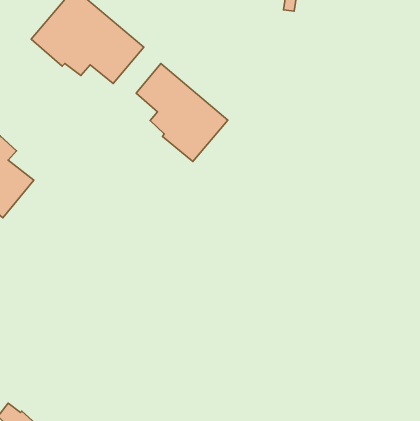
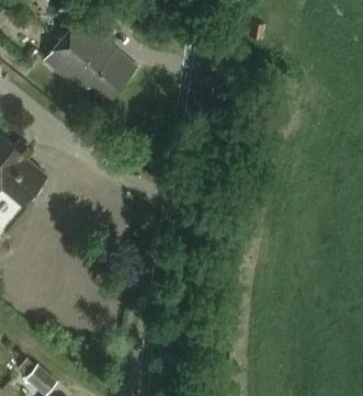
building: [136,64,228,161] -> none

